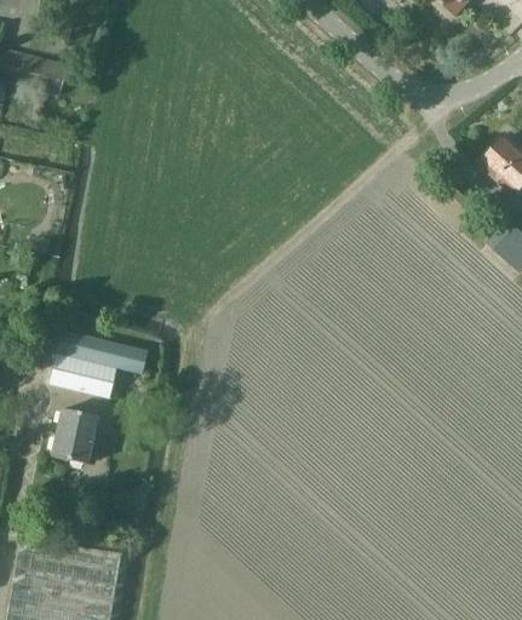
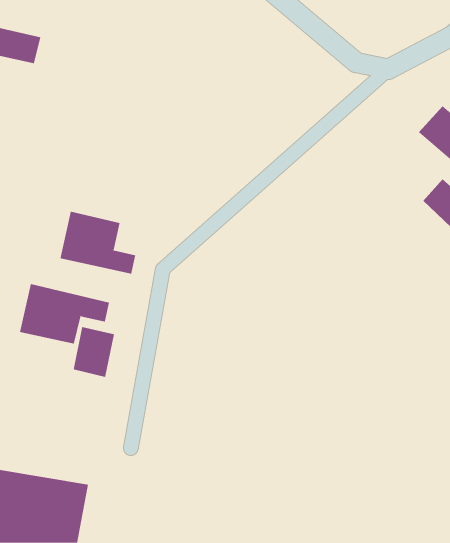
building: none -> [60,211,136,274]
building: [47,409,93,465] -> [73,327,115,377]

